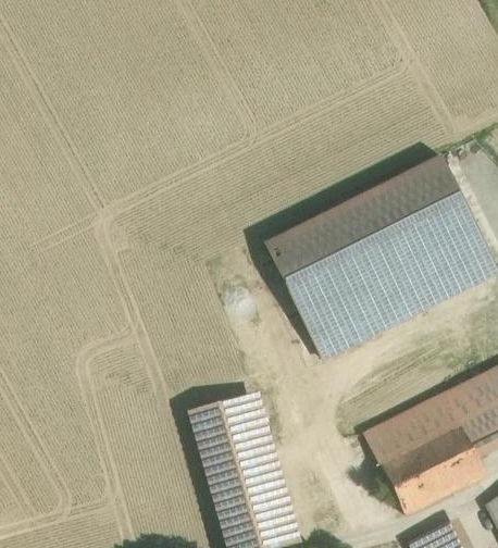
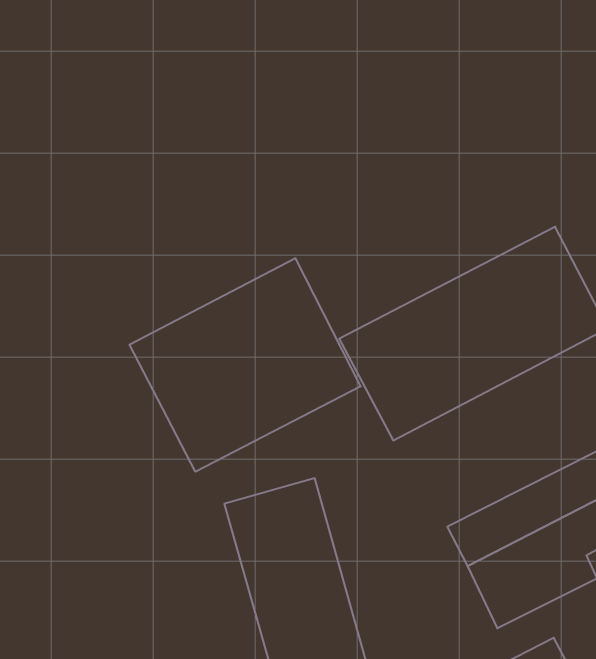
building: [263,154,456,281] -> none
building: none -> [130,258,361,472]

